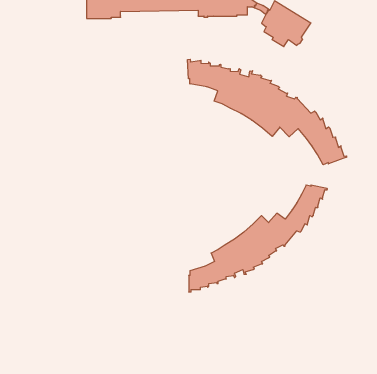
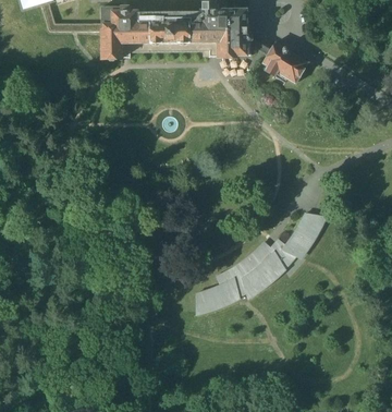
building: [188,59,347,165] -> none

